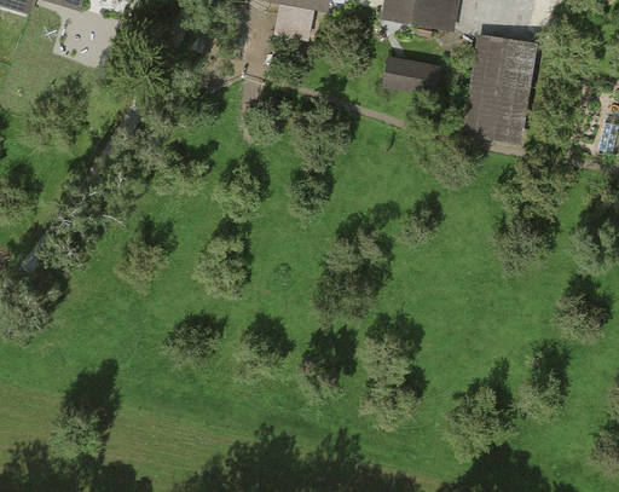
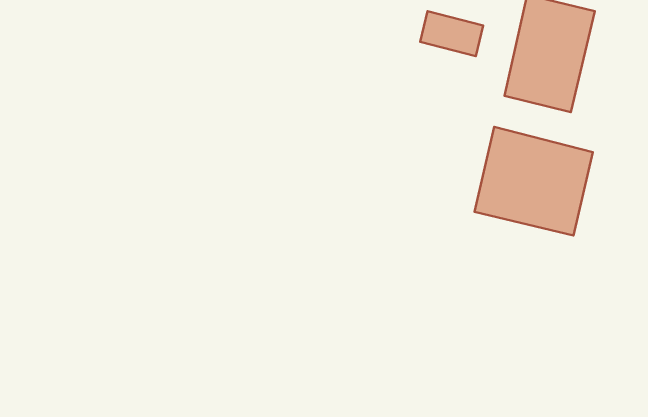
building: none -> [474,127,593,235]

